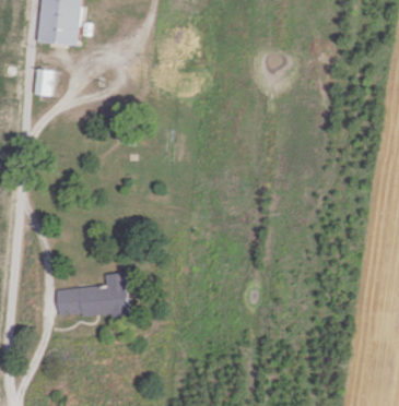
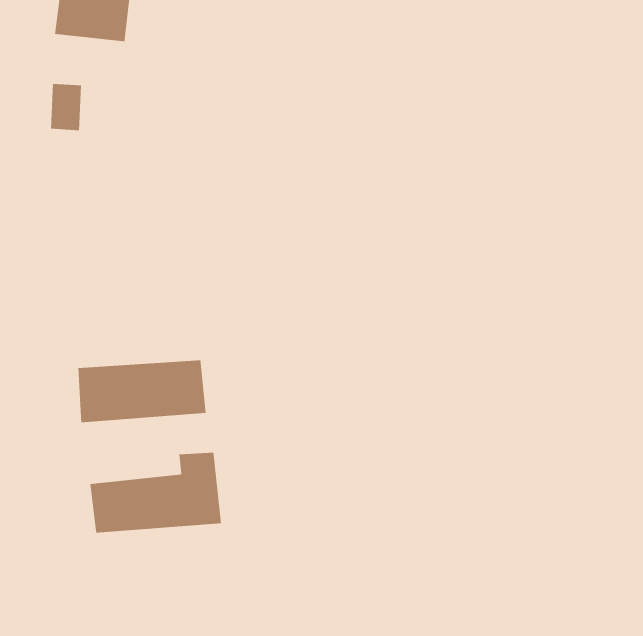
building: none -> [78,359,206,423]

